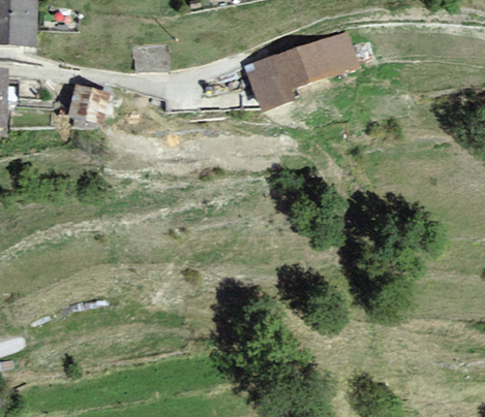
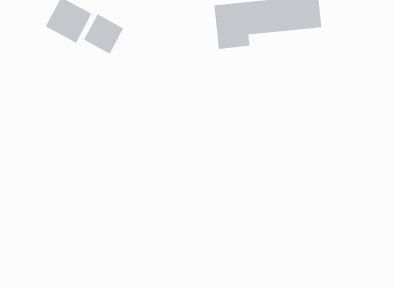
building: none -> [83,13,124,54]

